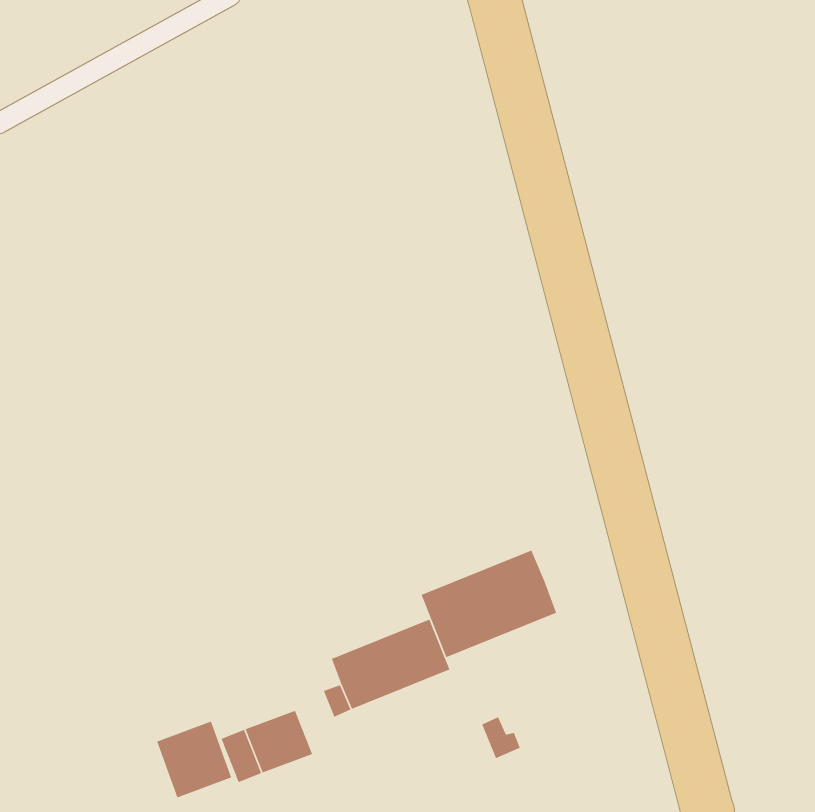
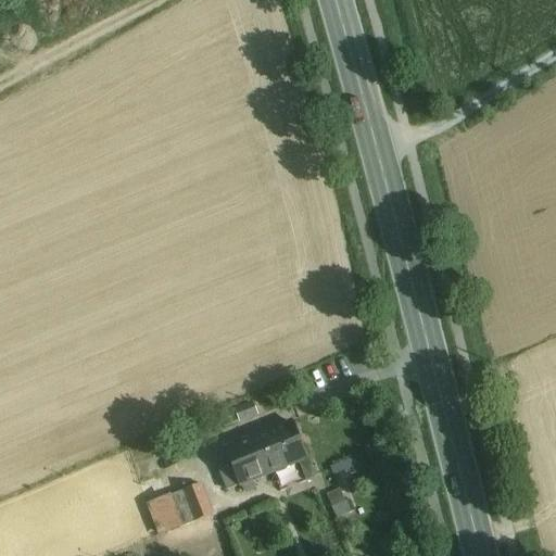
building: [420,550,557,658] -> none
building: [156,720,232,799] -> none

